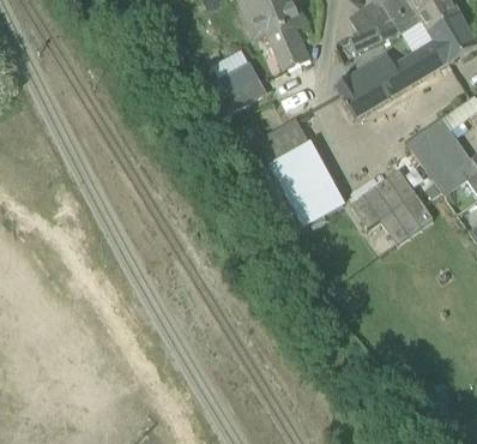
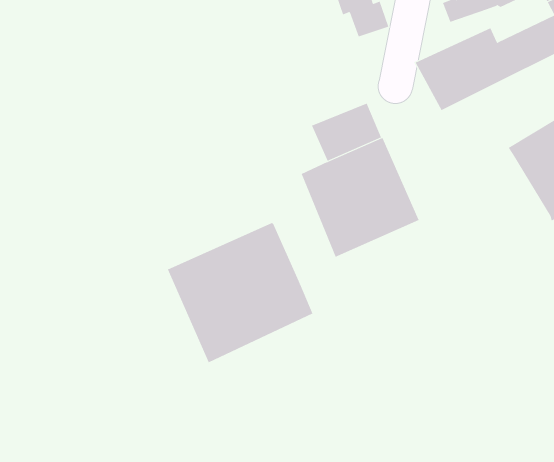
building: [206,64,262,118] -> none
building: [349,169,433,242] -> none
building: none -> [167,222,313,363]

